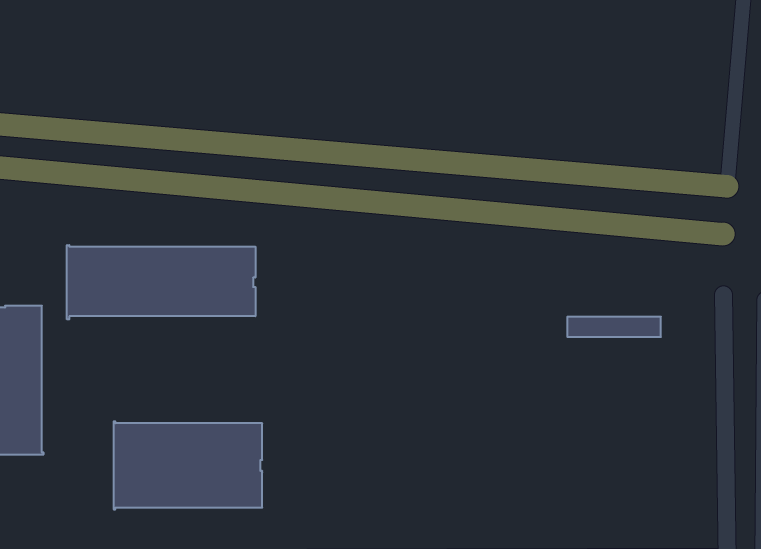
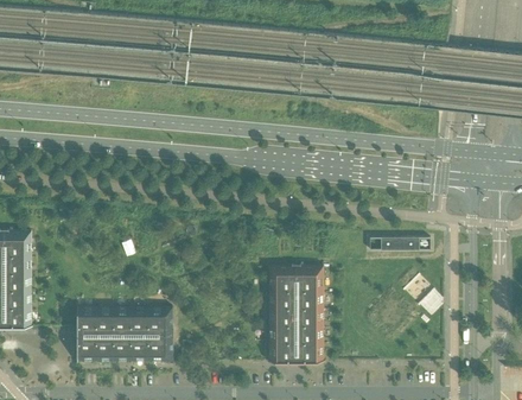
building: [67,245,255,319] -> none
building: none -> [268,266,325,363]

